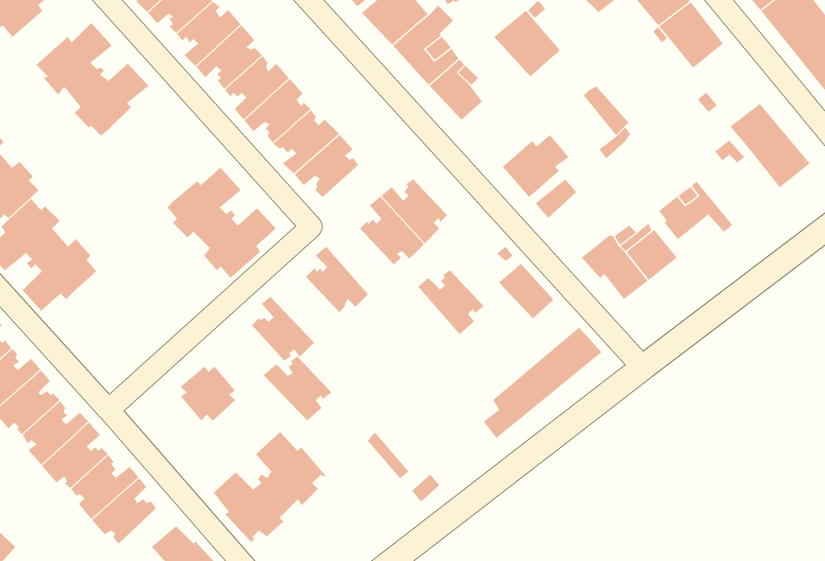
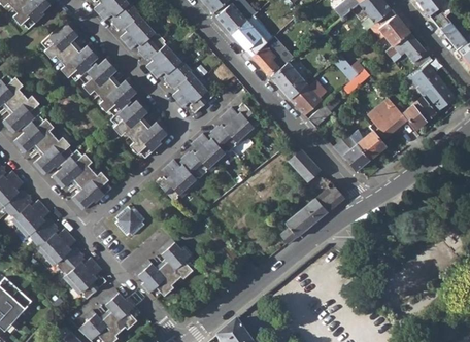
building: [493,10,561,77] -> [270,62,306,98]
building: none -> [384,32,429,67]
building: none -> [79,56,139,116]
building: none -> [403,96,435,127]
building: none -> [53,149,111,209]
building: [417,270,484,335] -> [196,131,232,166]
building: [263,356,332,421] -> [166,157,203,192]

